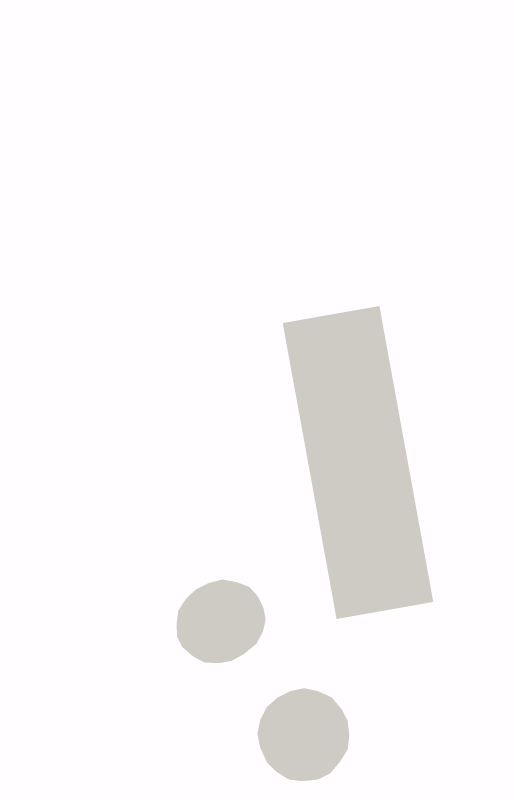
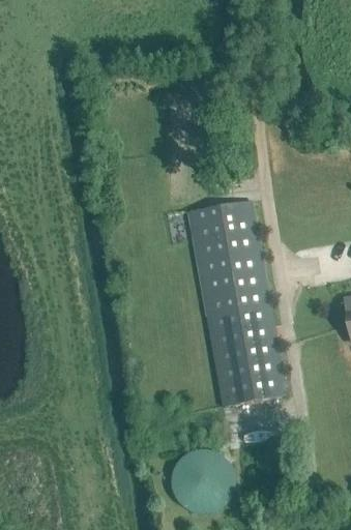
building: [176,579,266,664] -> none

